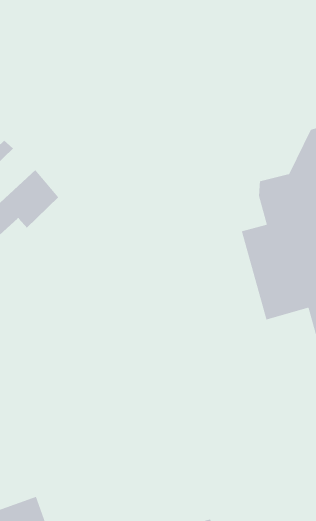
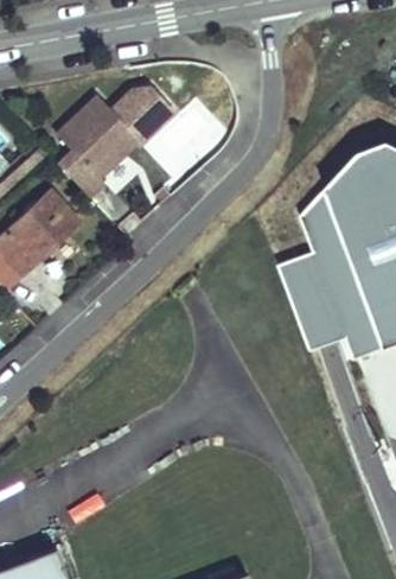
building: none -> [58,87,175,193]

